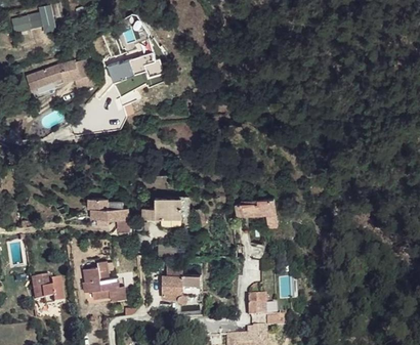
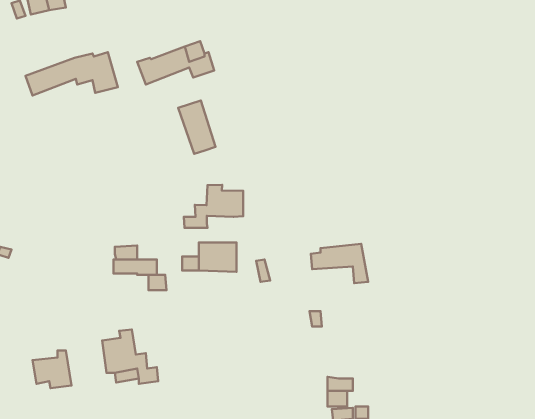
building: none -> [178,101,216,154]
building: none -> [184,185,243,228]
building: [162,264,200,302] -> none

